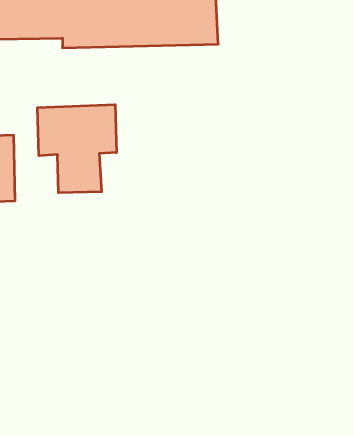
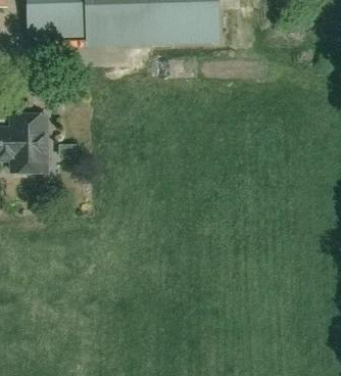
building: [38,105,116,193] -> none

